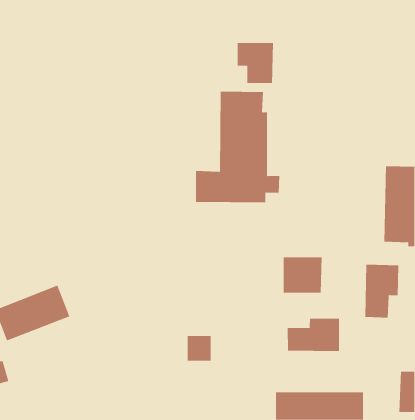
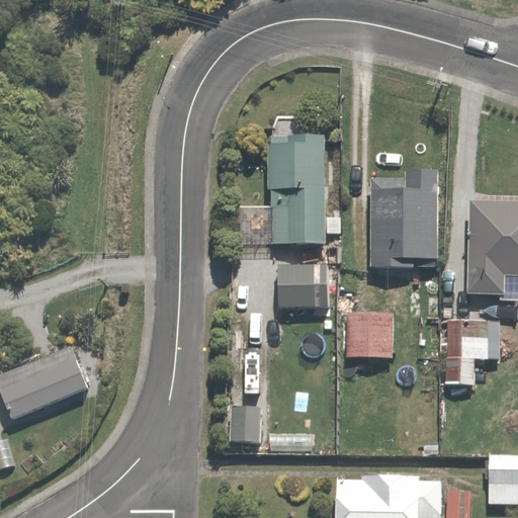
building: [237,42,273,84] -> none
building: none -> [371,171,443,270]
building: none -> [275,266,323,308]
building: [287,318,340,352] -> none

